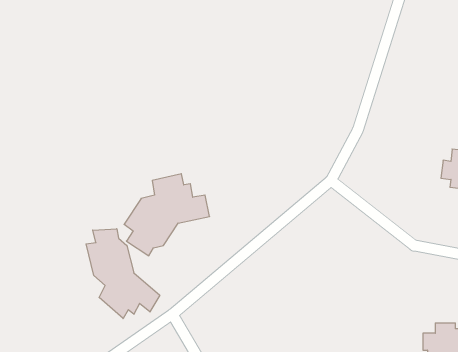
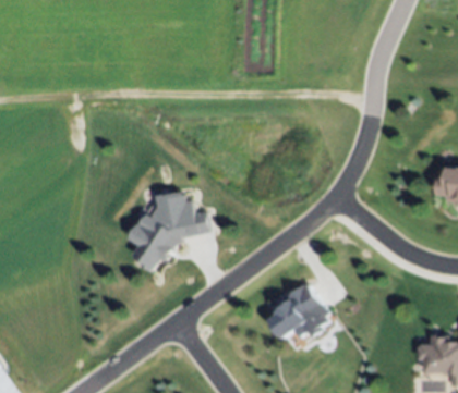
building: [86,229,160,319] -> none
building: none -> [264,286,330,339]

